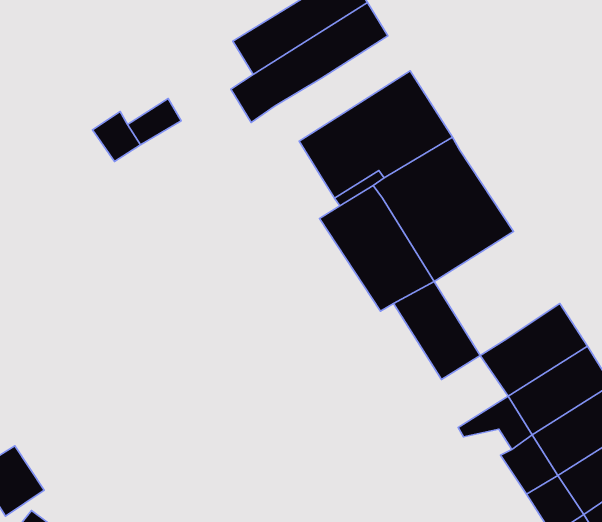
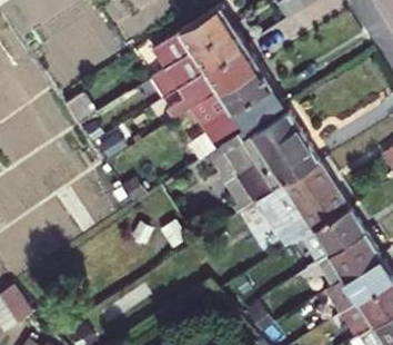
building: none -> [177,45,258,108]
building: none -> [272,162,347,237]

